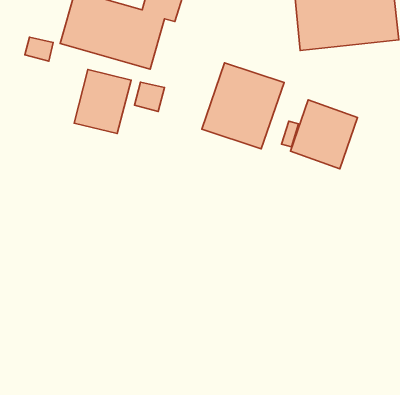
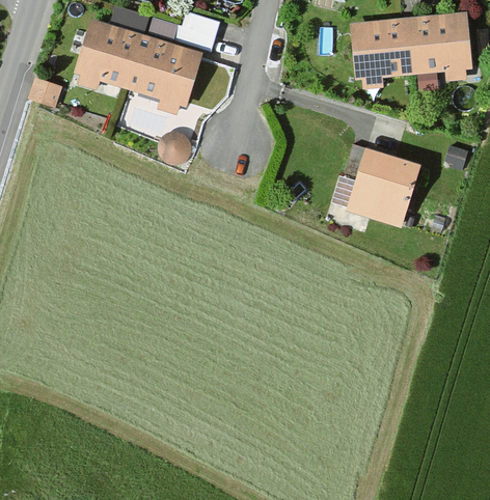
building: [202,63,284,149] -> none
building: [74,70,131,134] -> none

